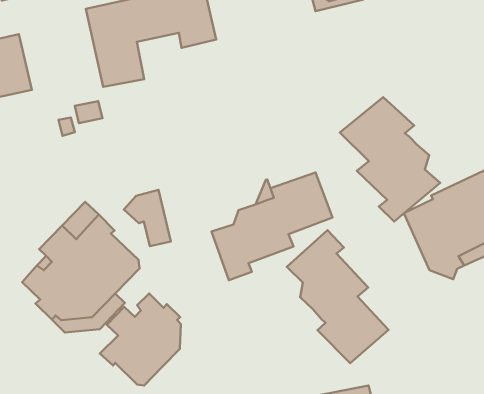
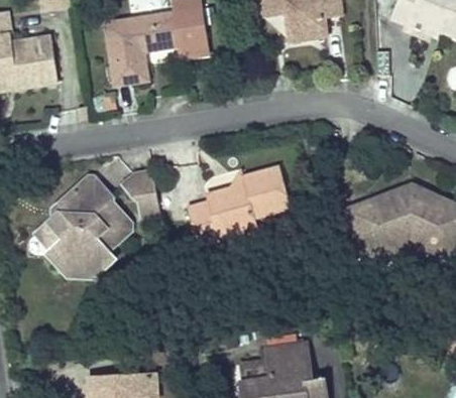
building: [340,97,440,221] -> none
building: [287,230,388,363] -> none
building: [100,294,181,385] -> none

